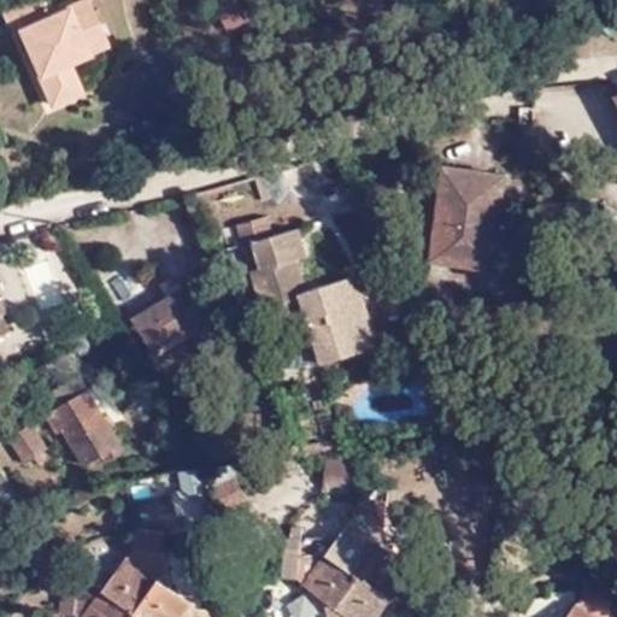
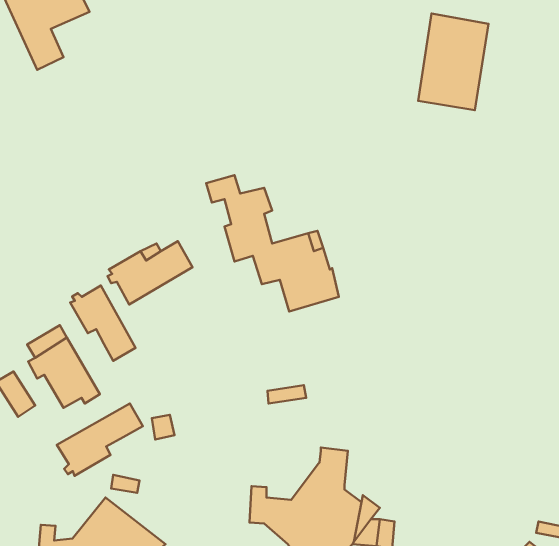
building: [430,169,505,271] -> [418,14,488,110]
building: none -> [70,285,136,361]
building: none -> [57,404,143,476]

